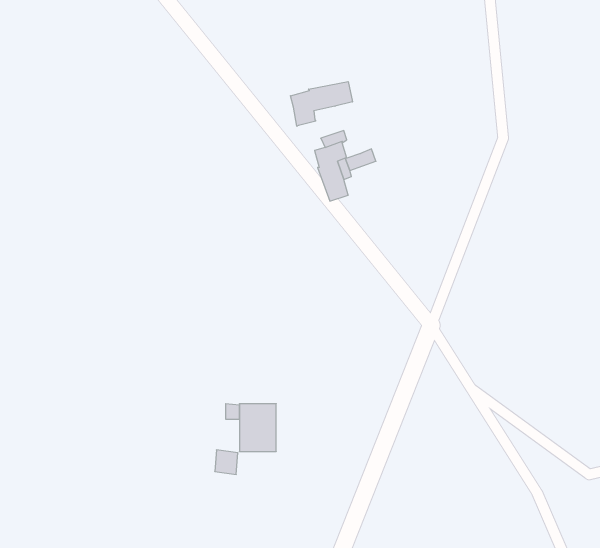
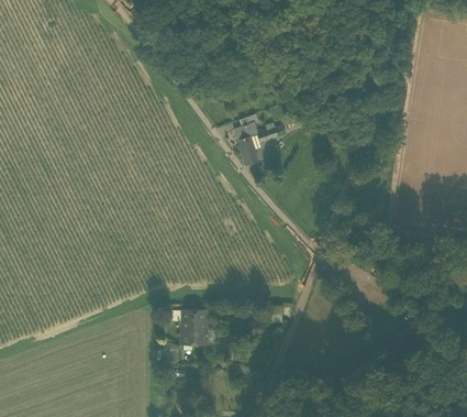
building: [290,82,352,126] -> none

